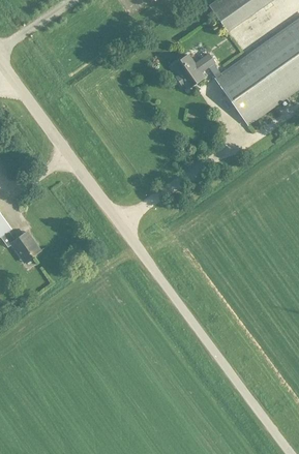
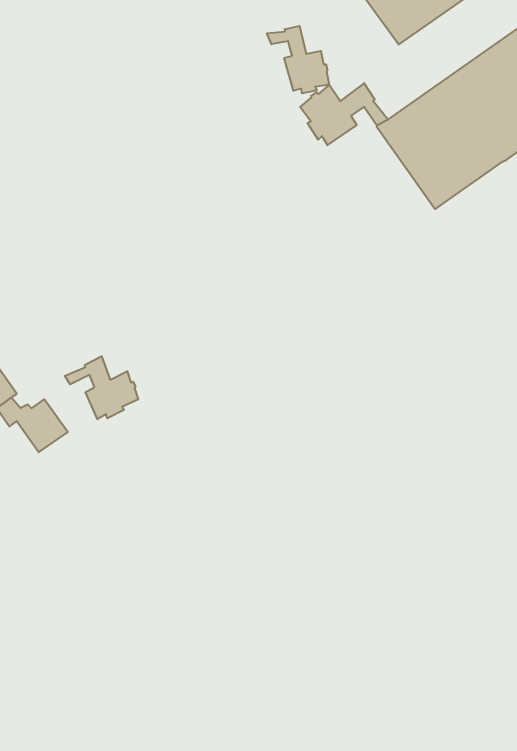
building: none -> [267,26,329,93]
building: none -> [65,356,138,419]

